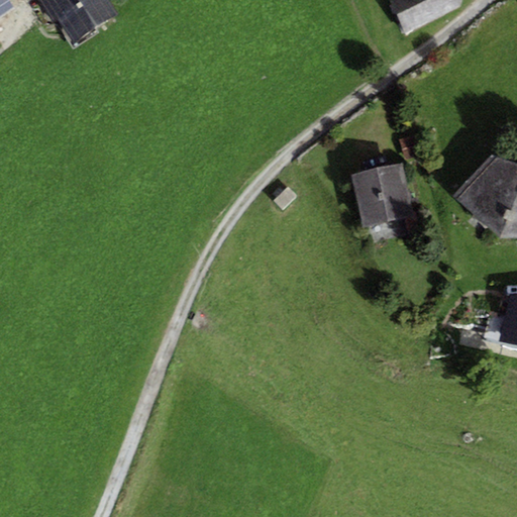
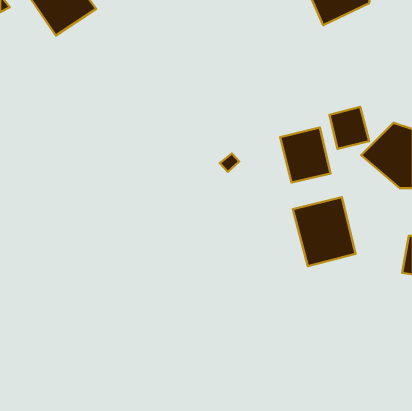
building: none -> [329,107,369,149]
building: none -> [293,197,355,266]

